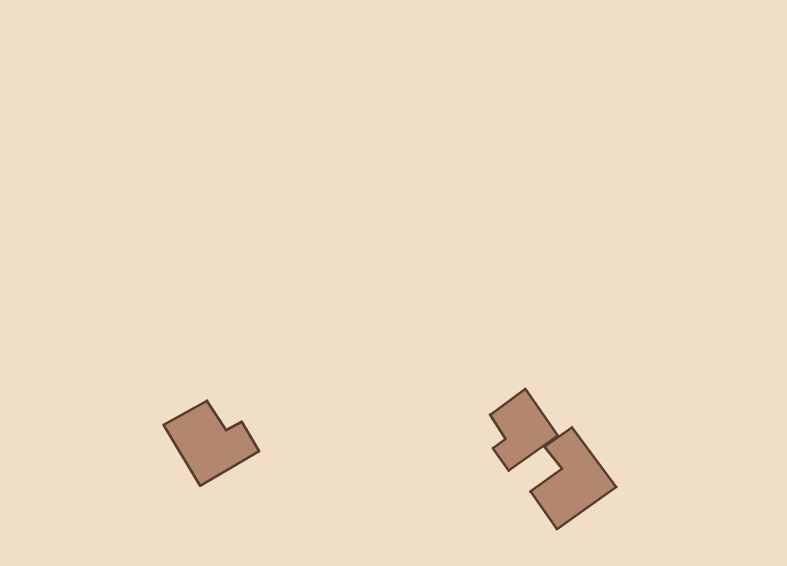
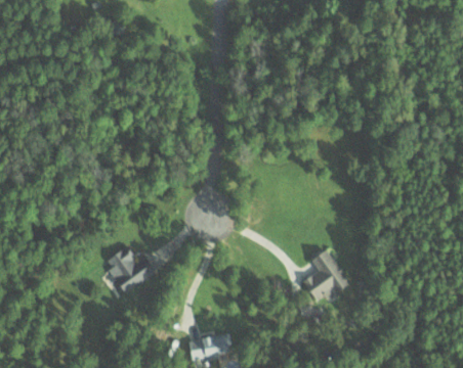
building: [490,389,558,471] -> none

